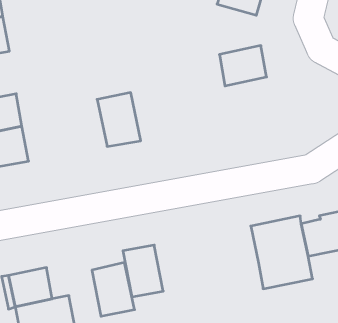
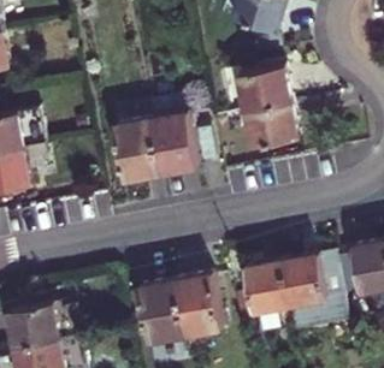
building: none -> [243,102,295,147]
building: none -> [142,112,188,171]
building: none -> [236,262,279,332]
building: [92,262,135,316] -> [167,274,213,332]

